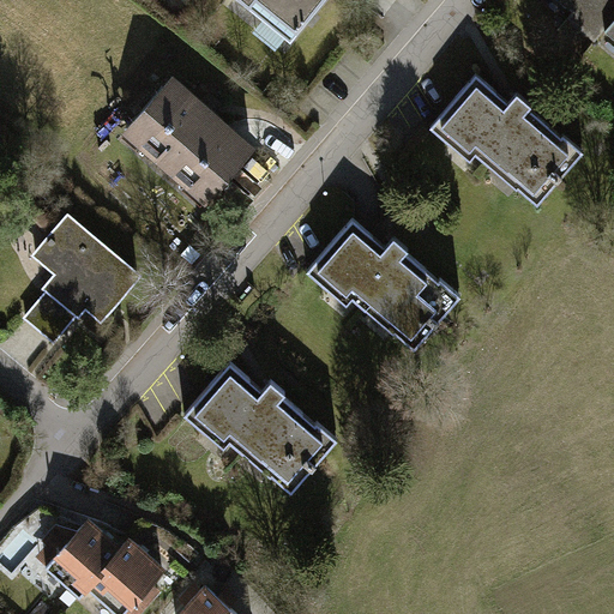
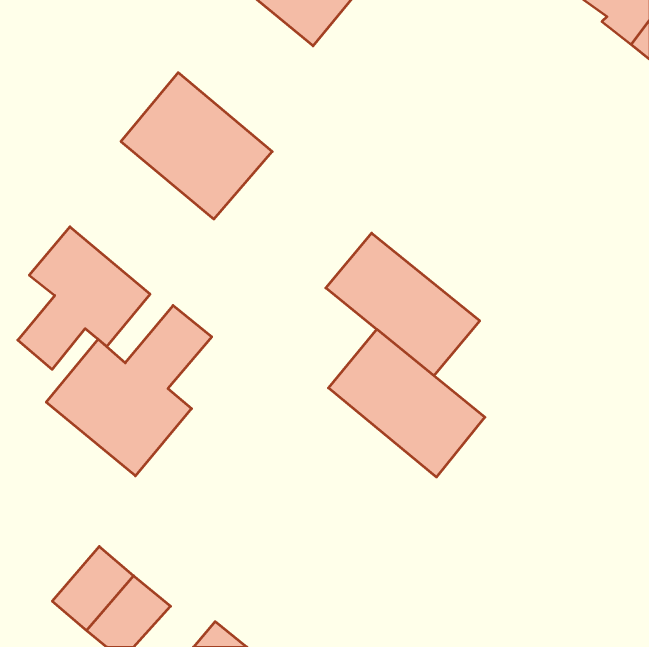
building: [433,66,585,206] -> none
building: none -> [46,305,212,476]
building: [187,363,335,502] -> [328,329,485,477]

